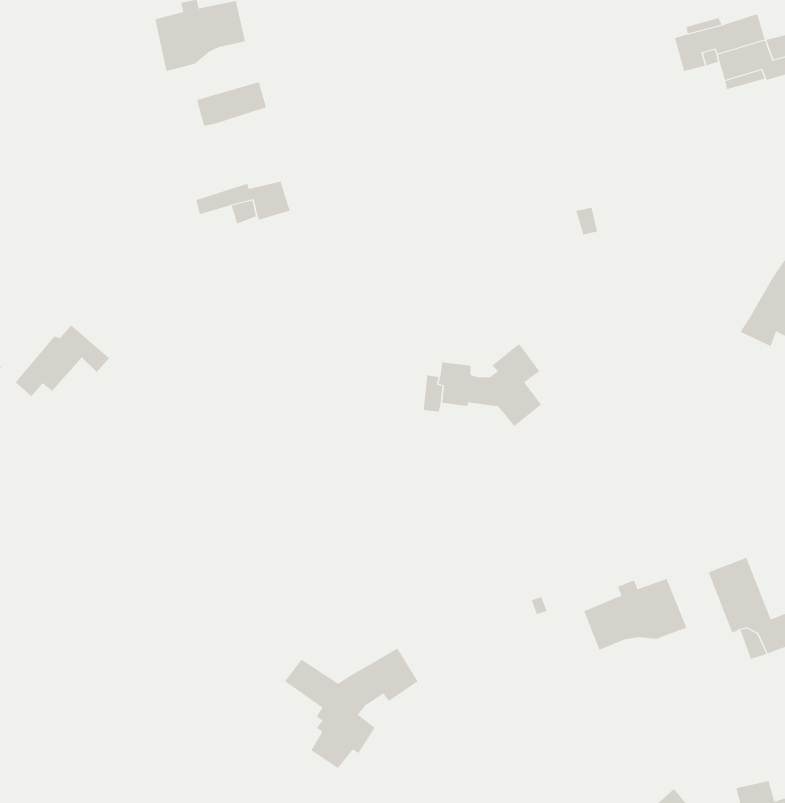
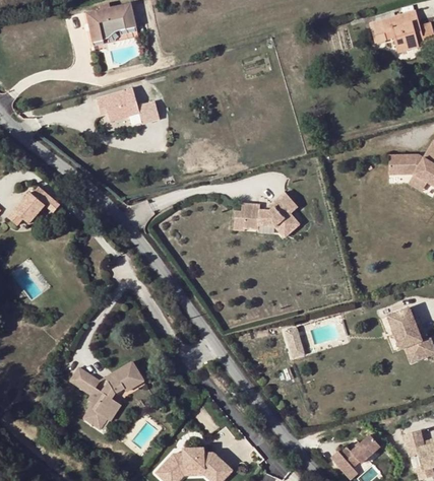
building: [196,81,267,126] -> [98,90,136,115]
building: none -> [387,155,423,178]
building: [584,578,687,651] -> none
building: [284,648,418,769] -> [71,357,144,423]

